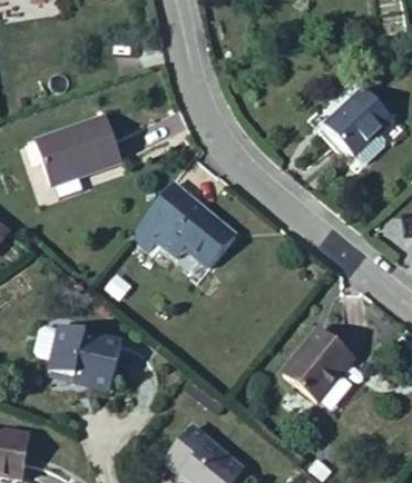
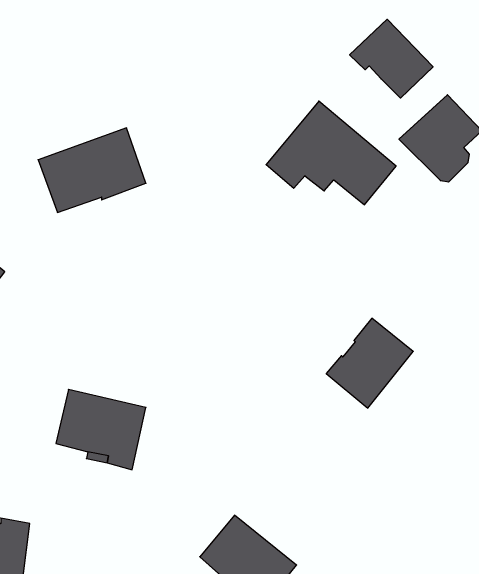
building: none -> [350,19,433,98]
building: [130,183,235,266] -> [266,101,396,205]
building: [283,328,353,401] -> [326,318,413,408]

